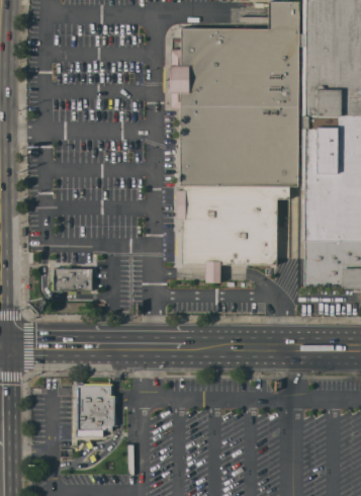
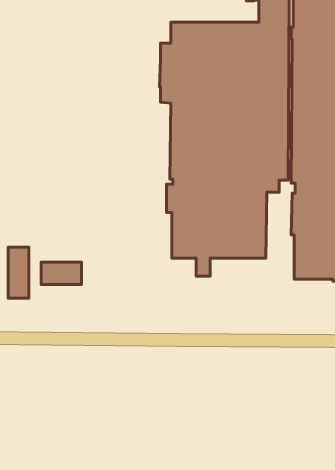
building: none -> [8,247,29,298]
building: [73,382,118,436] -> none

